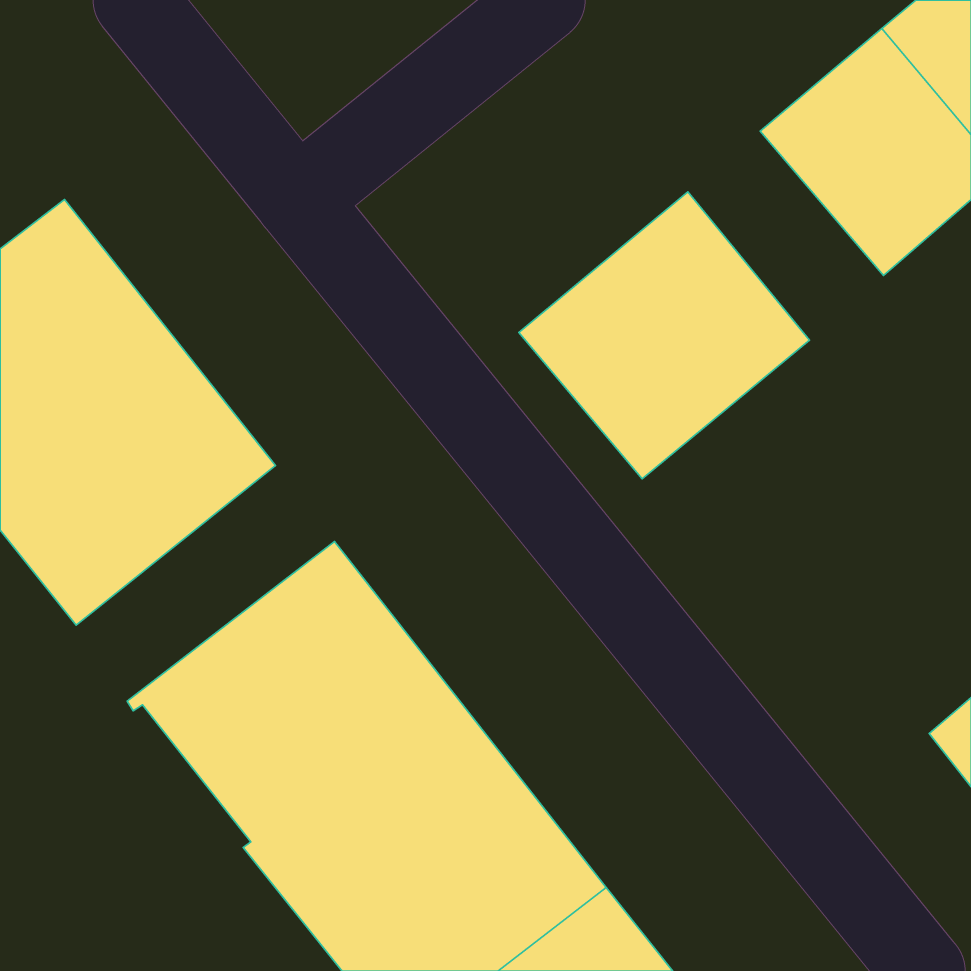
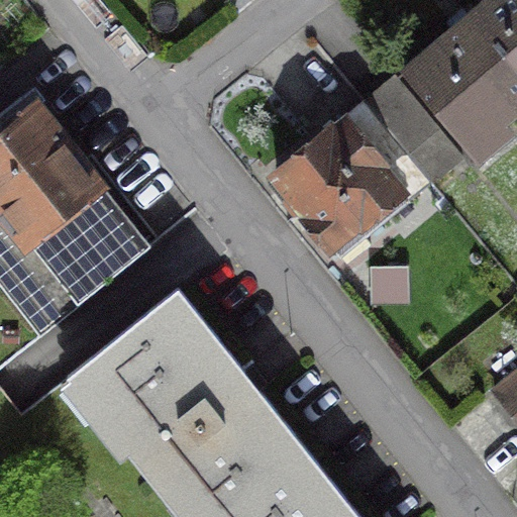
building: none -> [366,77,461,181]

